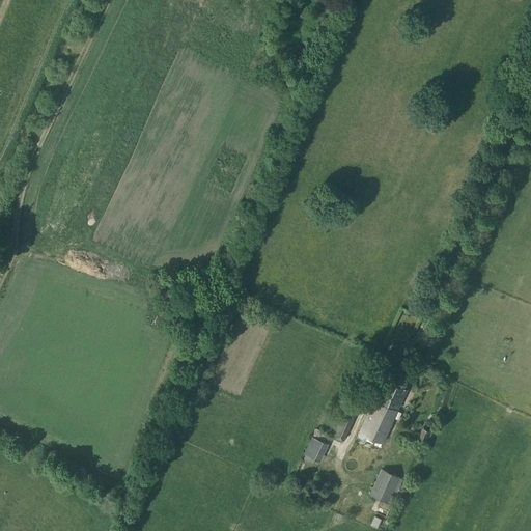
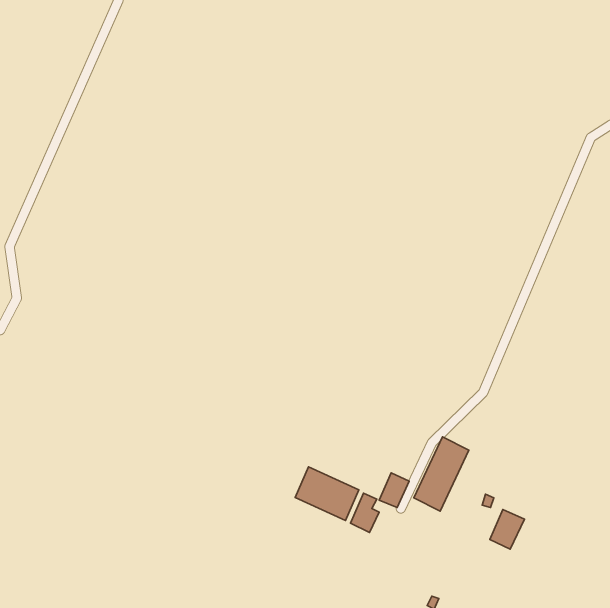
building: none -> [295,467,359,520]
building: [370,472,400,506] -> [490,510,525,549]

